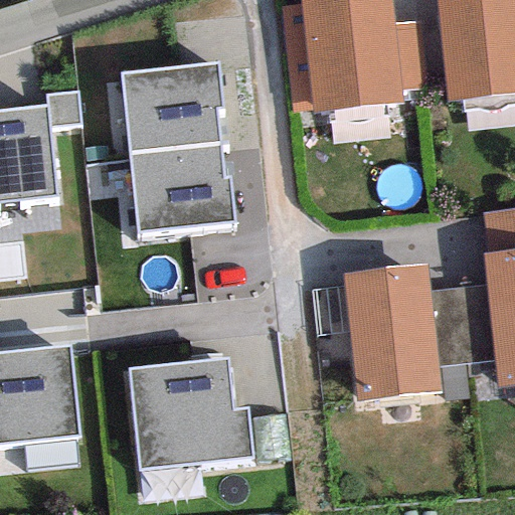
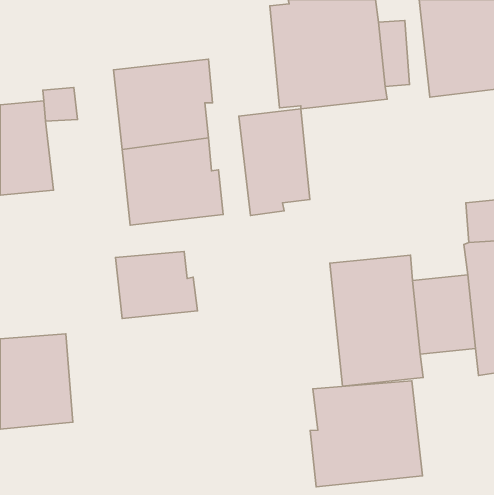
building: none -> [239,109,310,216]
building: none -> [116,252,197,319]
building: [128,358,253,471] -> none
building: none -> [310,381,422,487]

